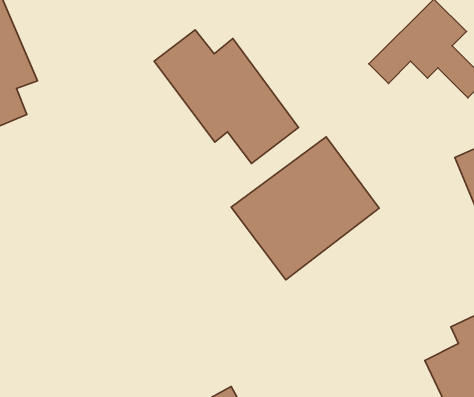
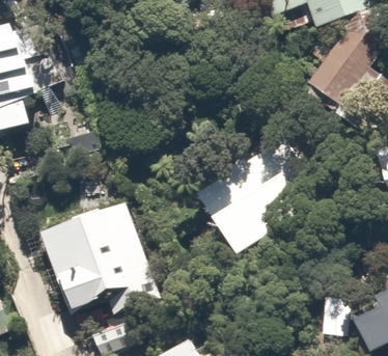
building: [154,30,299,164] -> none
building: none -> [39,203,157,308]

